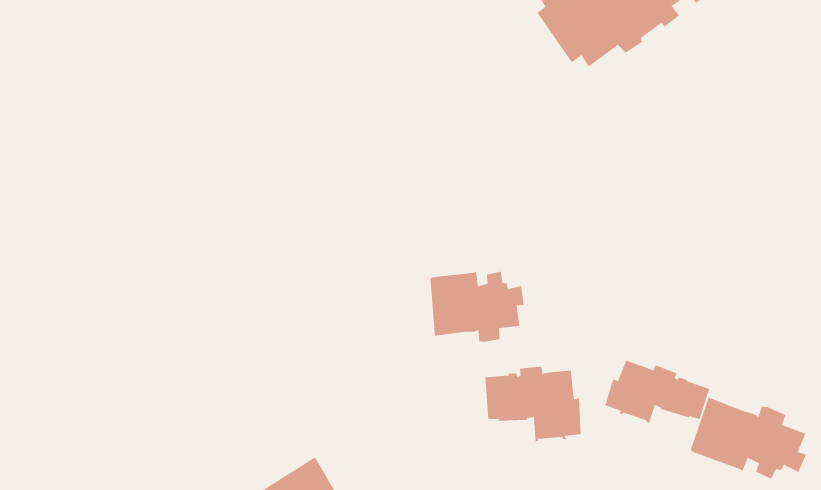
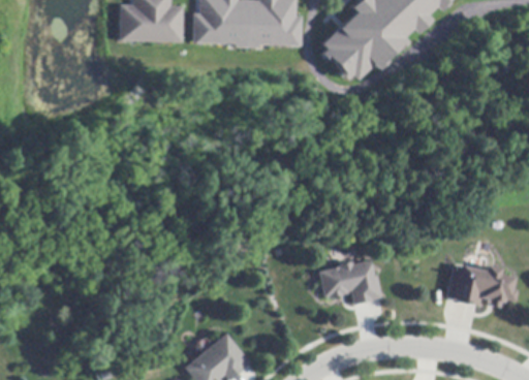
building: [430,271,524,343] -> none
building: [605,360,710,424] -> none

